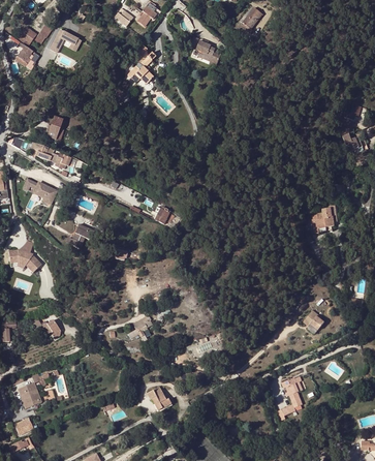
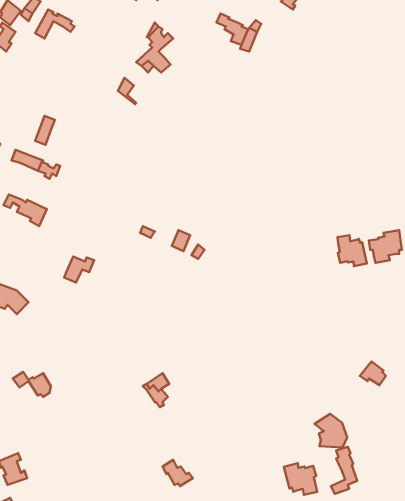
building: none -> [338,235,367,266]
building: none -> [314,414,347,447]
building: none -> [284,463,317,495]

